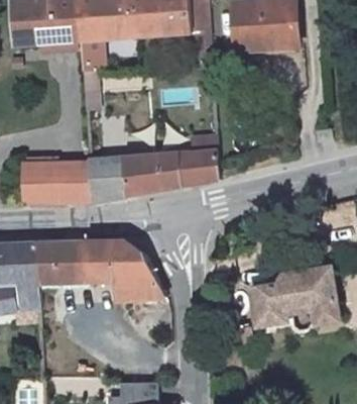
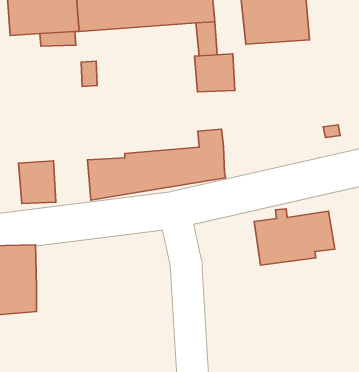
building: none -> [194,54,235,92]
building: [55,163,91,203] -> none
building: [38,241,166,301] -> none
building: [262,273,339,326] -> [254,209,335,265]

